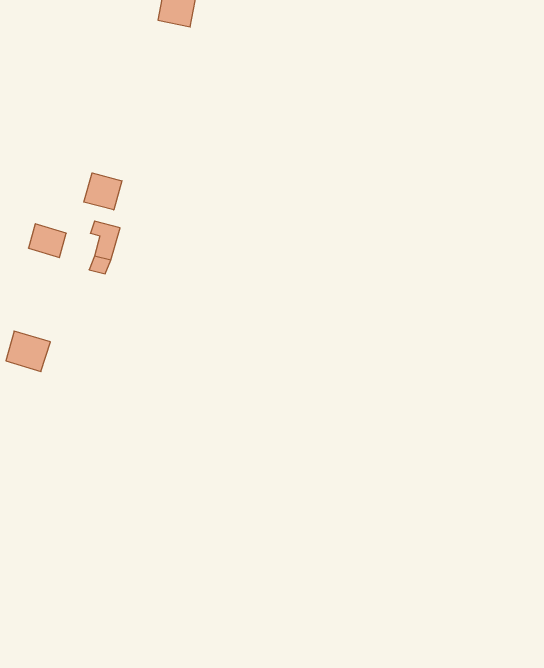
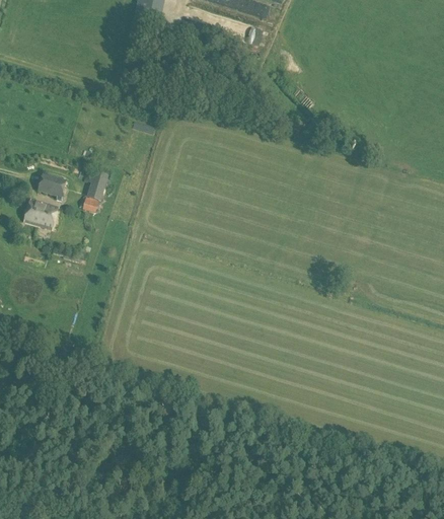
building: [84,173,122,210] -> none
building: [6,331,50,372] -> [24,198,58,228]

